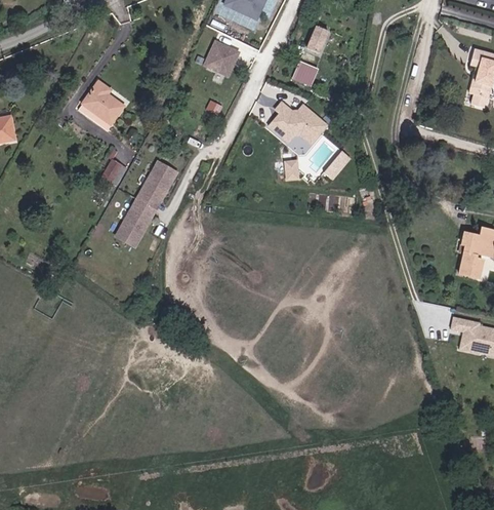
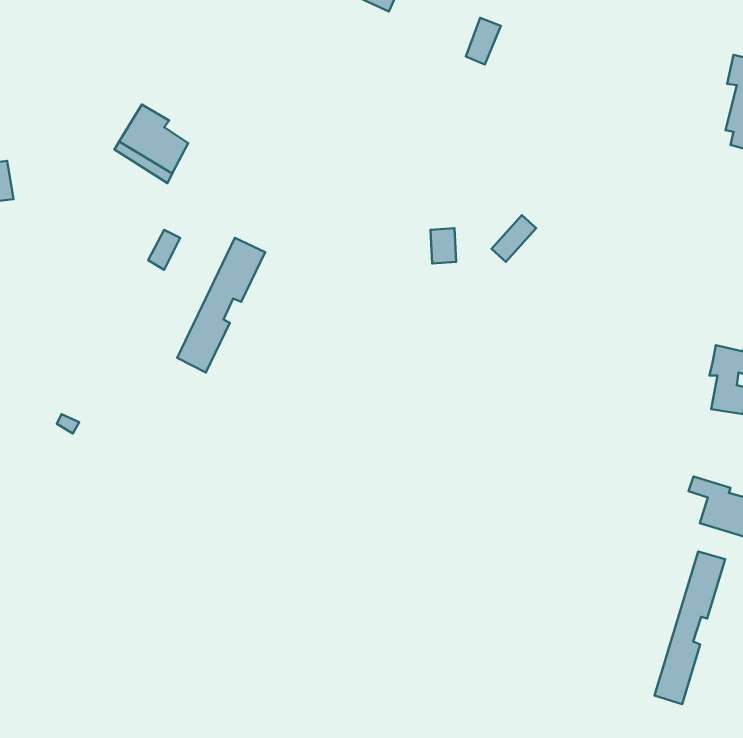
building: [204,38,239,73] -> none
building: [291,60,317,86] -> none
building: [269,101,326,143] -> none
building: none -> [654,552,725,704]

